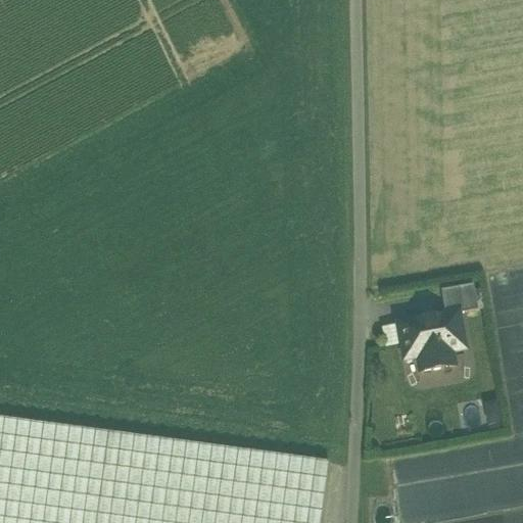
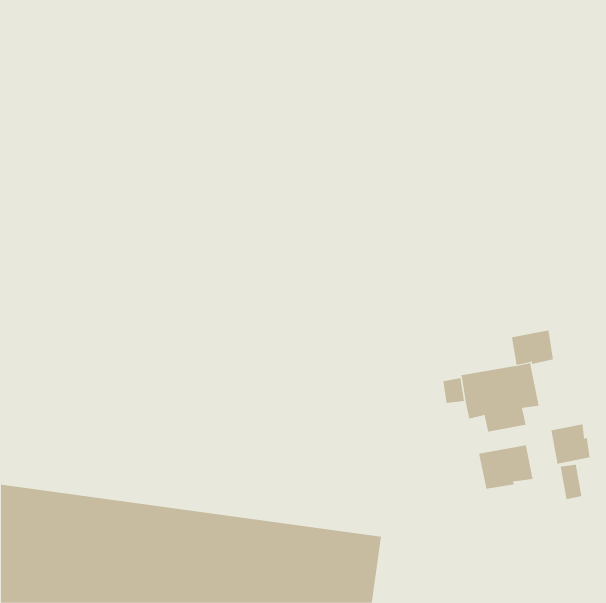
building: none -> [551,424,590,465]
building: none -> [479,445,533,489]

